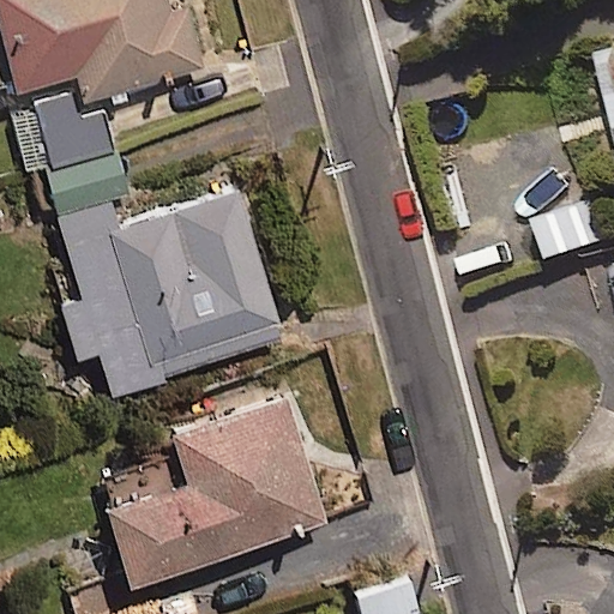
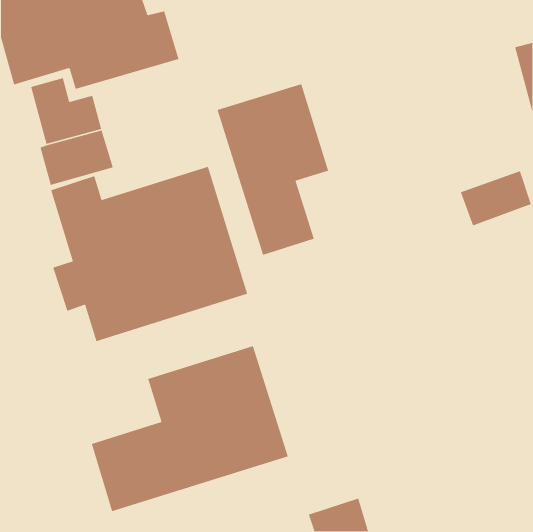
building: none -> [216,83,329,256]

